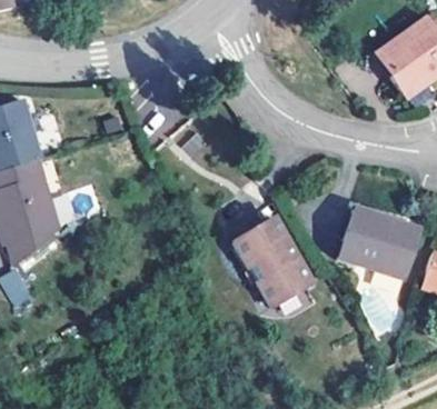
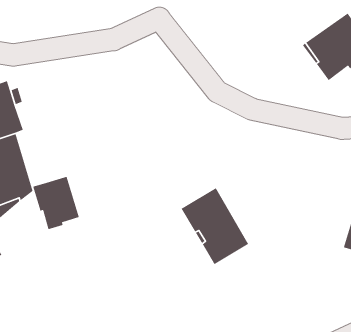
building: none -> [32,176,80,230]
building: [338,209,416,279] -> none

